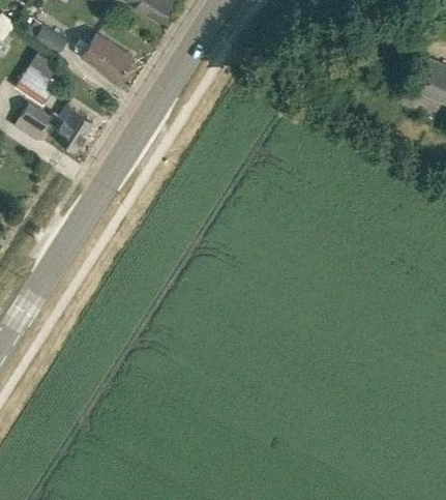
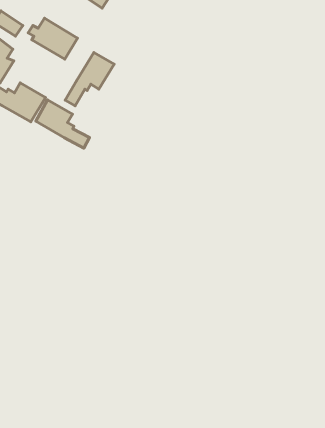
building: none -> [65,52,114,106]
building: none -> [36,100,89,148]

